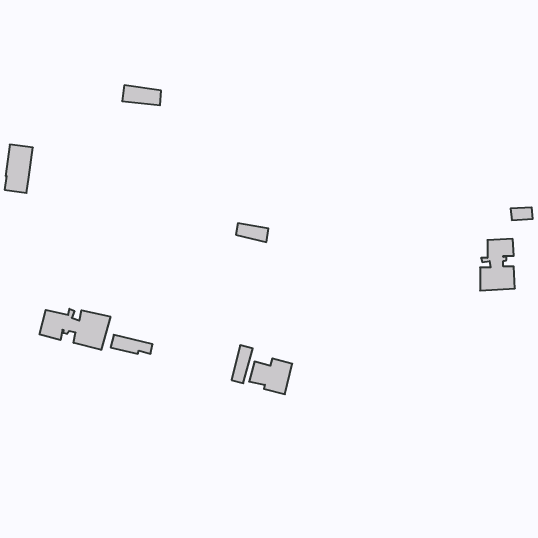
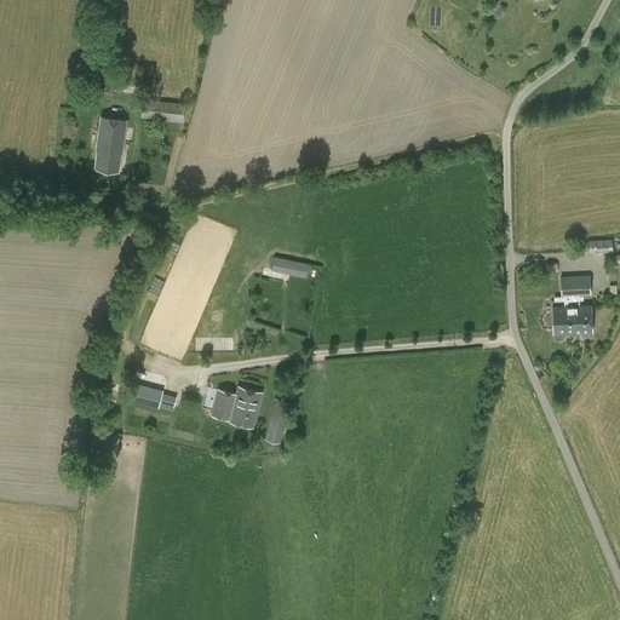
building: [5,145,33,193] -> [94,116,127,172]
building: [40,309,110,350] -> none
building: [249,358,292,394] -> [213,384,263,425]

